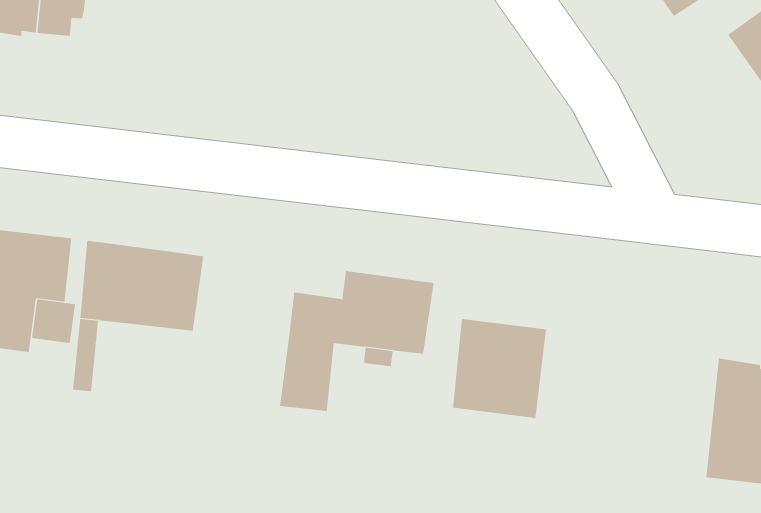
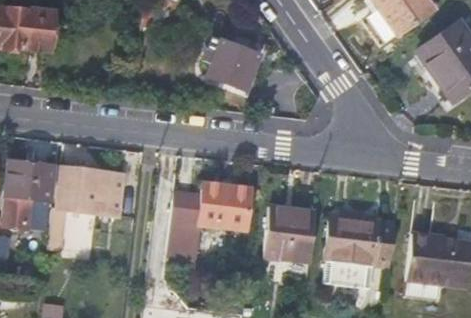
building: none -> [205,37,260,89]
building: none -> [324,213,396,287]

